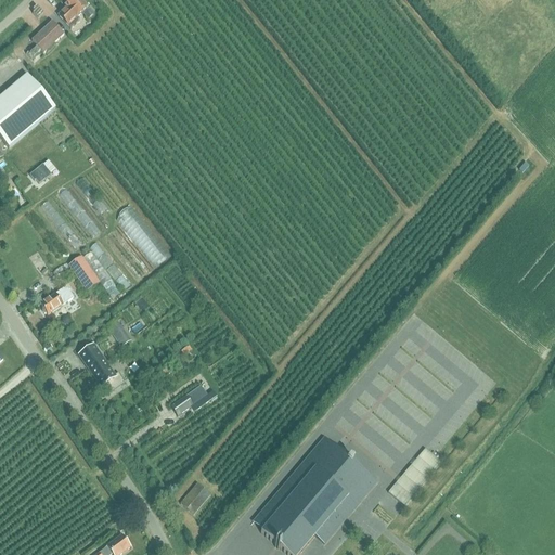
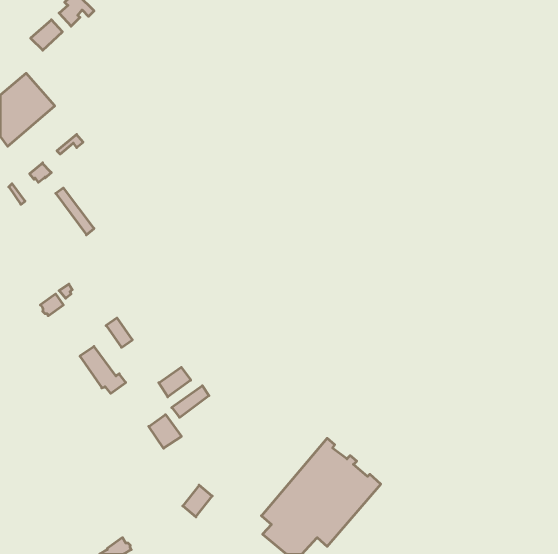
building: [69,253,101,288] -> none
building: none -> [159,367,191,397]
building: none -> [149,415,181,448]

